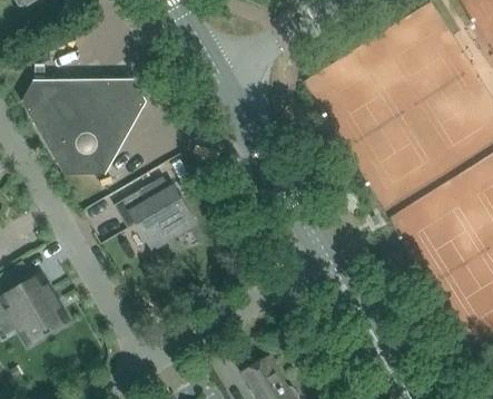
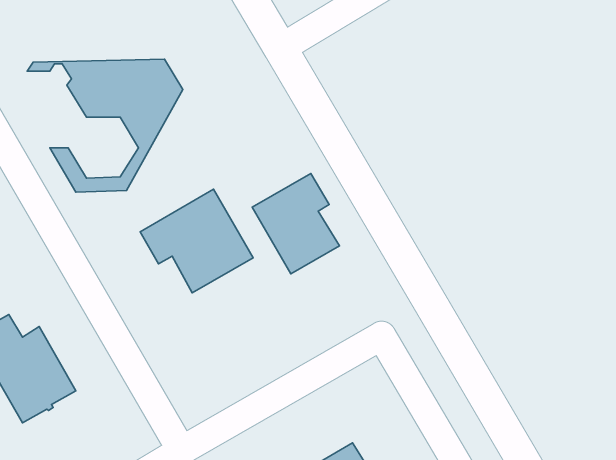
building: [23,81,112,165] -> none
building: none -> [252,173,339,274]

